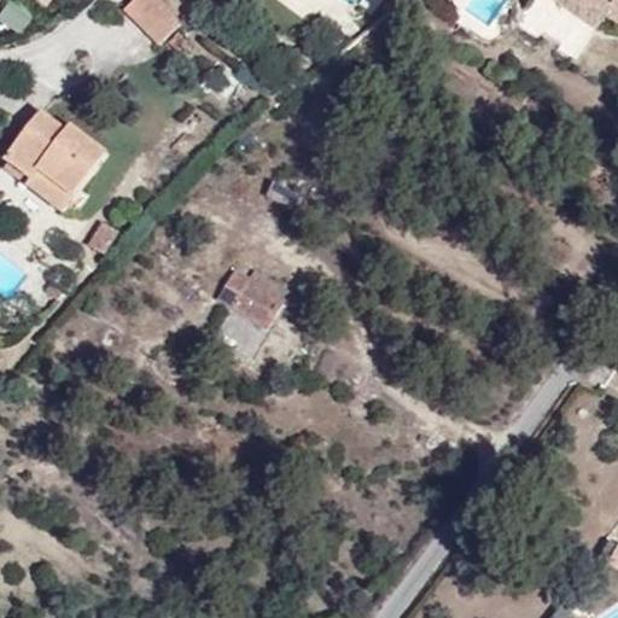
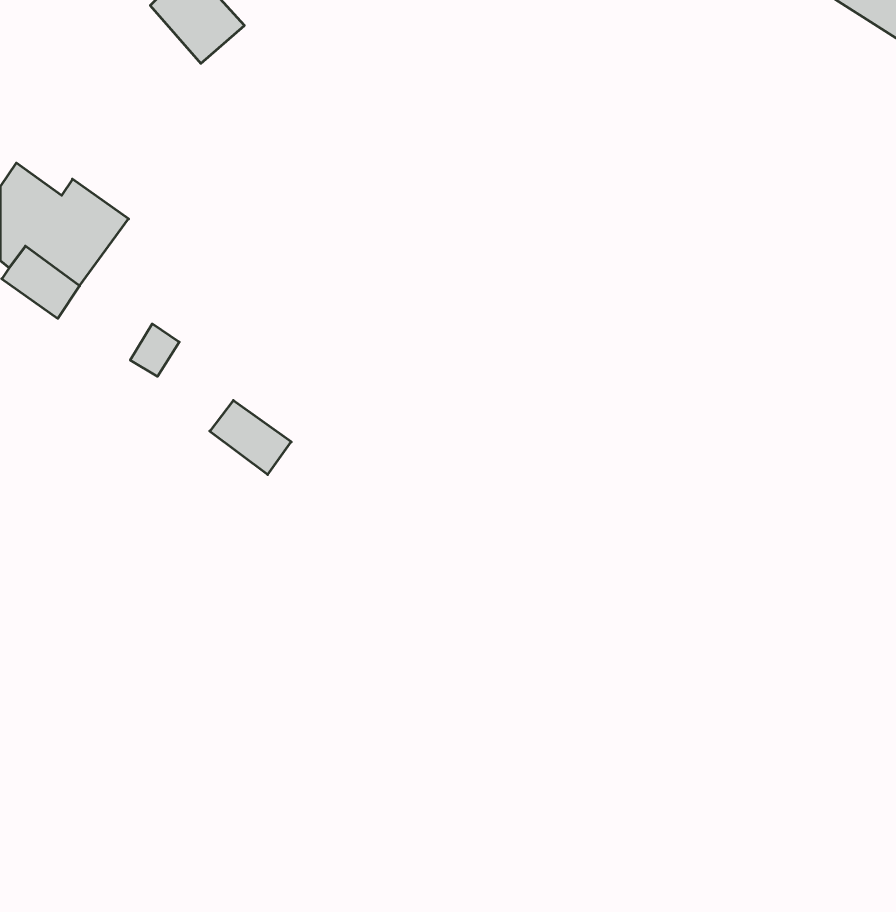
building: [233,268,287,317] -> [210,400,291,475]

